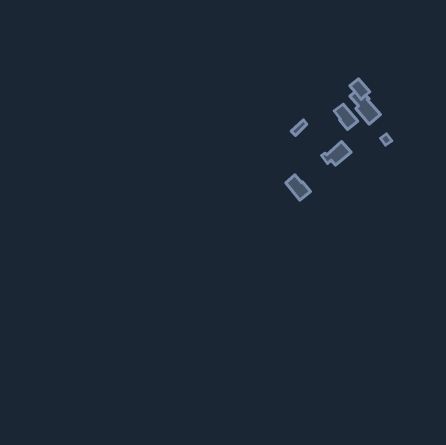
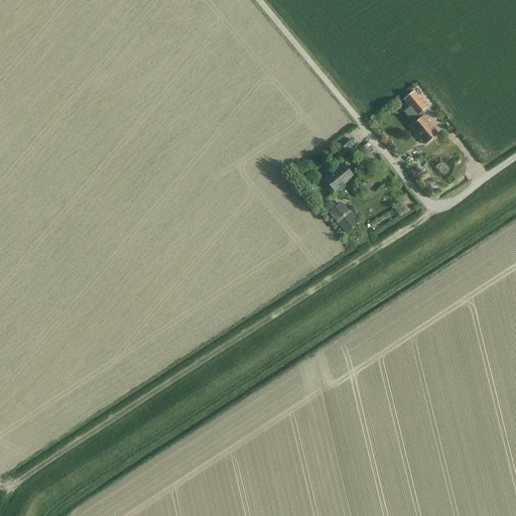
building: [334,104,358,129] -> none
building: [321,142,351,165] -> [320,162,355,189]

